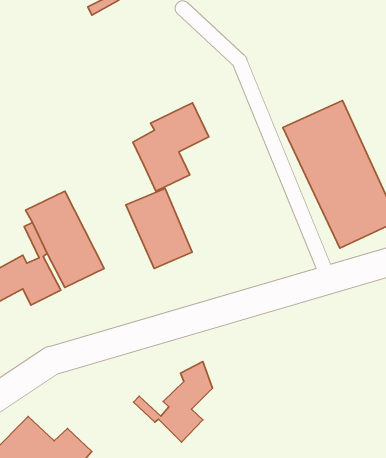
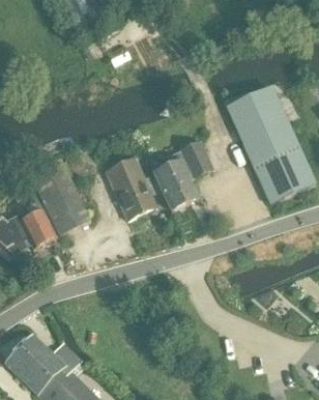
building: [133,103,209,191] -> [153,144,211,211]
building: [133,361,212,442] -> none

